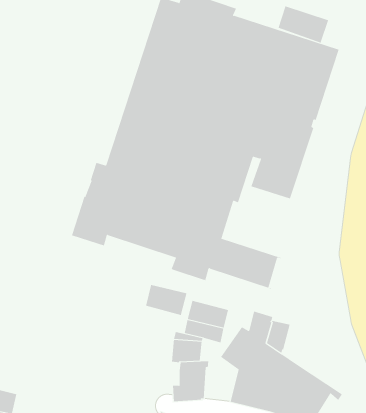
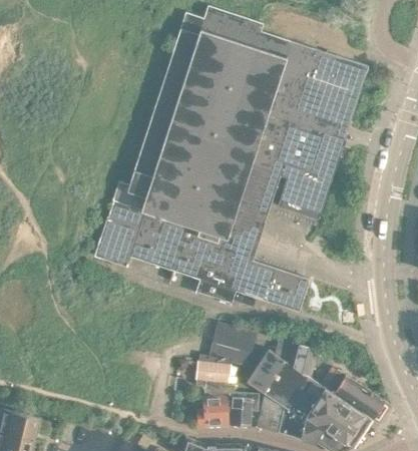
building: [278,6,329,43] -> none
building: [146,284,187,316] -> none
building: none -> [325,370,391,424]
building: none -> [231,392,259,426]

